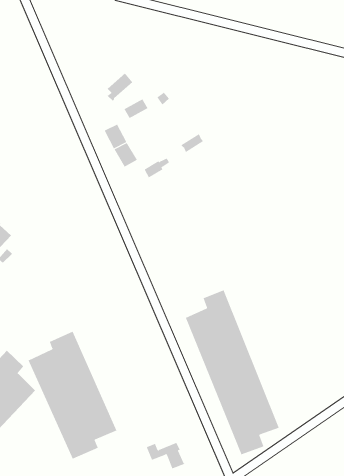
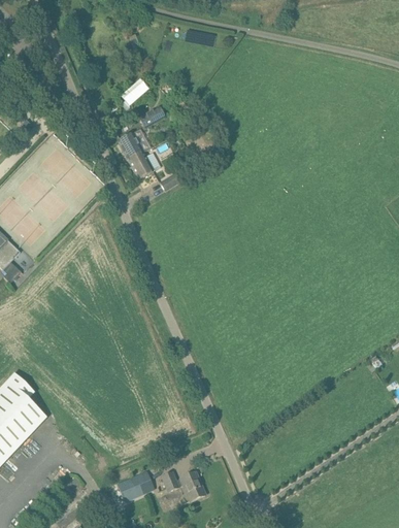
building: [185,289,279,455] -> none
building: [28,331,117,459] -> none
building: none -> [119,470,155,499]

